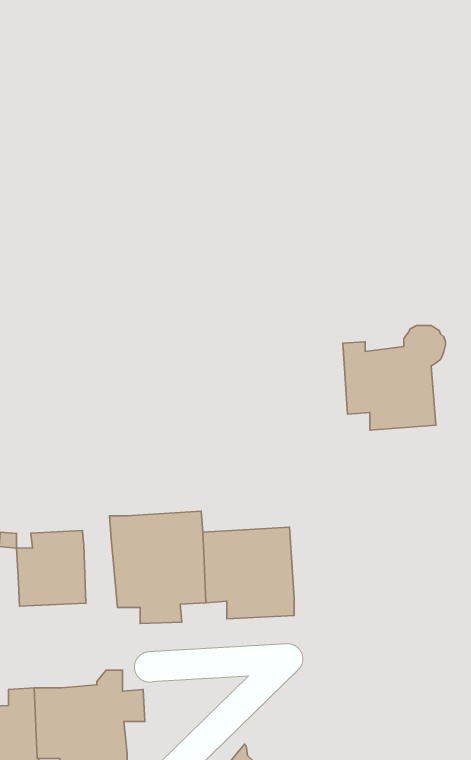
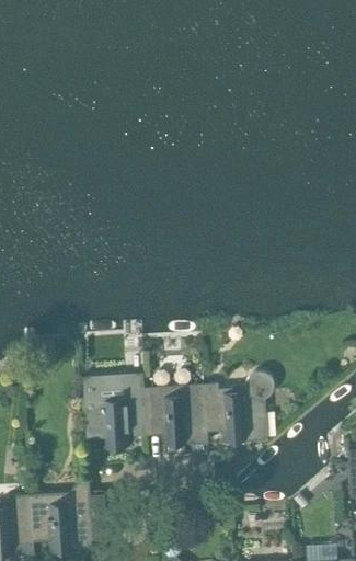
building: [343,326,445,430] -> [205,373,275,444]
building: [16,531,86,606] -> none

